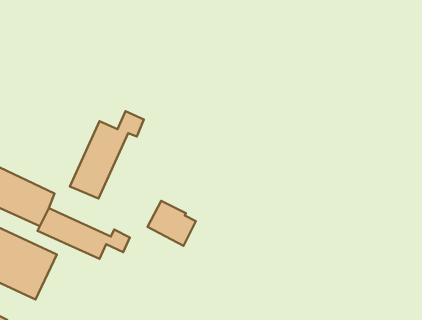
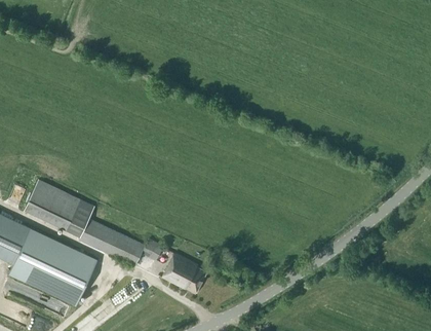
building: [70,111,144,199] -> none
building: [148,201,196,246] -> [163,254,207,295]

